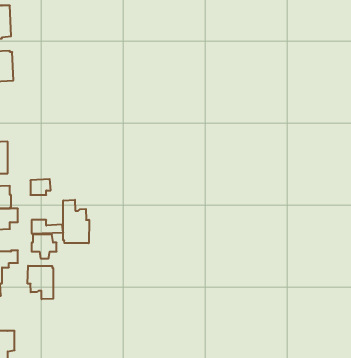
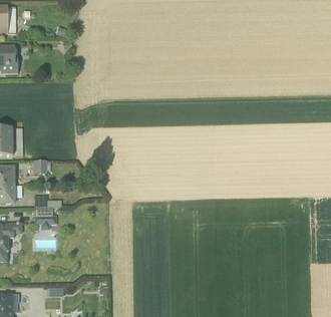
building: [63,200,89,243] -> none
building: [28,266,53,299] -> none

